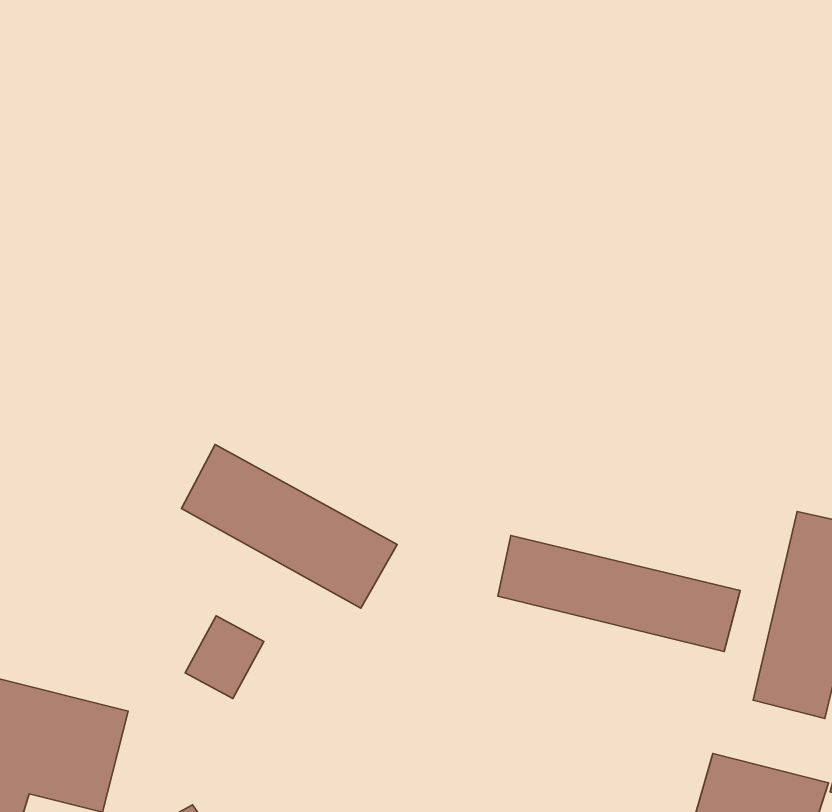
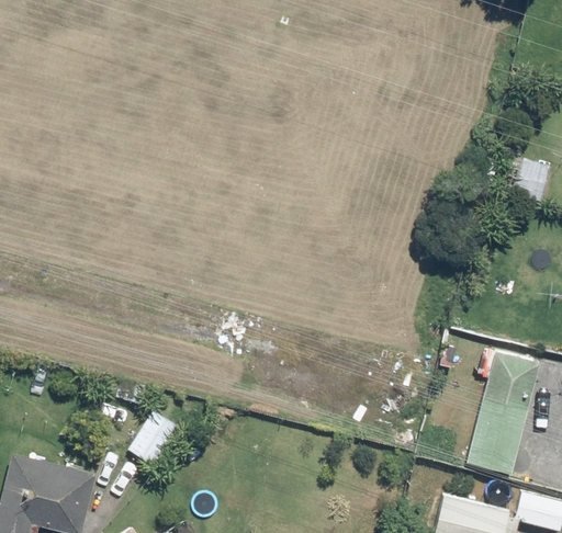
building: [182,445,397,608] -> none
building: [498,535,740,652] -> none

